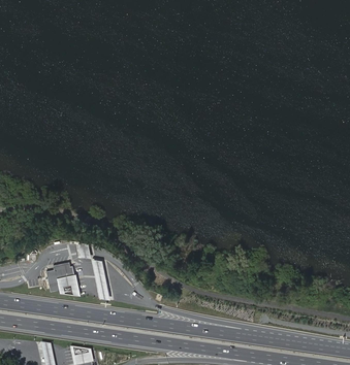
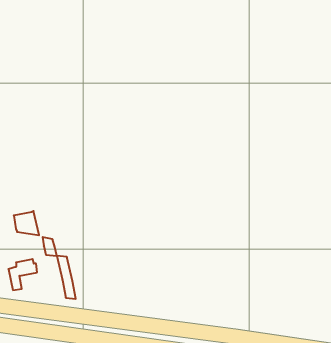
building: [56,273,79,296] -> [14,211,39,235]

